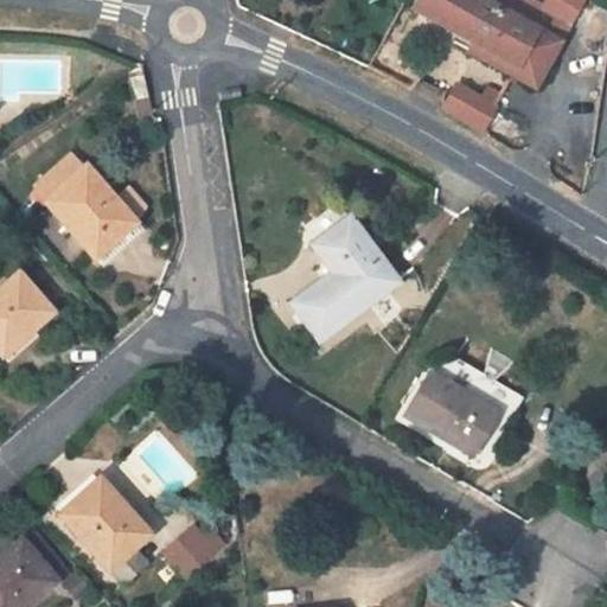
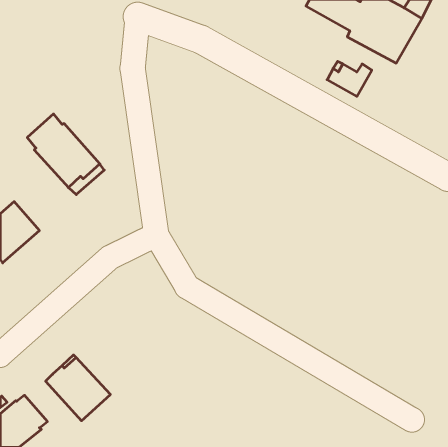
building: [292,217,400,340] -> none
building: [405,359,525,458] -> none
building: [164,529,225,579] -> none

